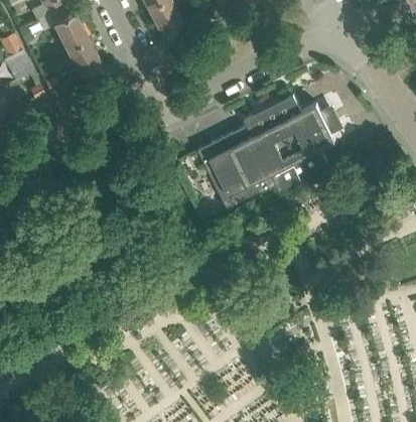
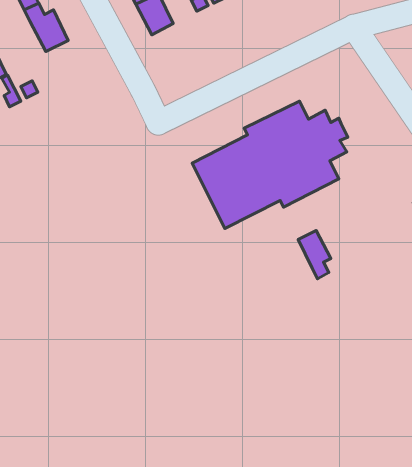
building: [67,38,102,75] -> none
building: none -> [298,231,331,279]

